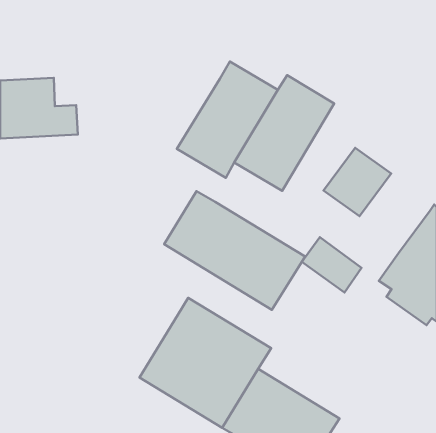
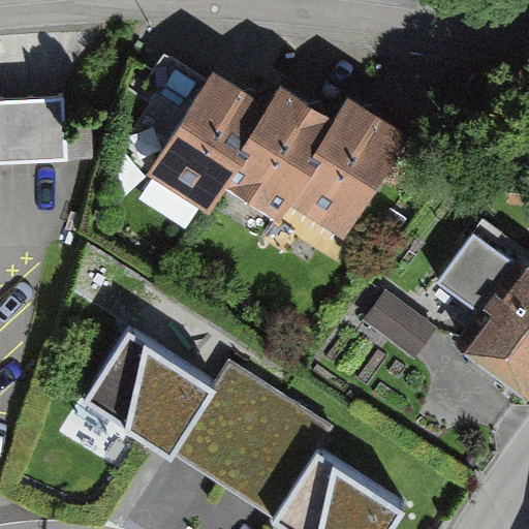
building: none -> [146,66,267,207]
building: [324,148,391,216] -> [439,228,521,311]
building: [164,191,305,310] -> none
building: none -> [81,332,216,461]

